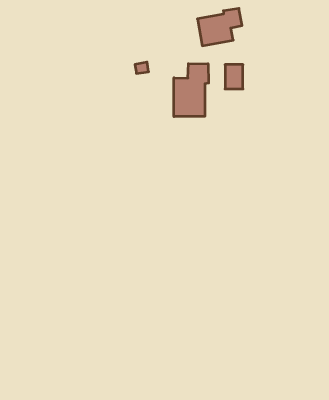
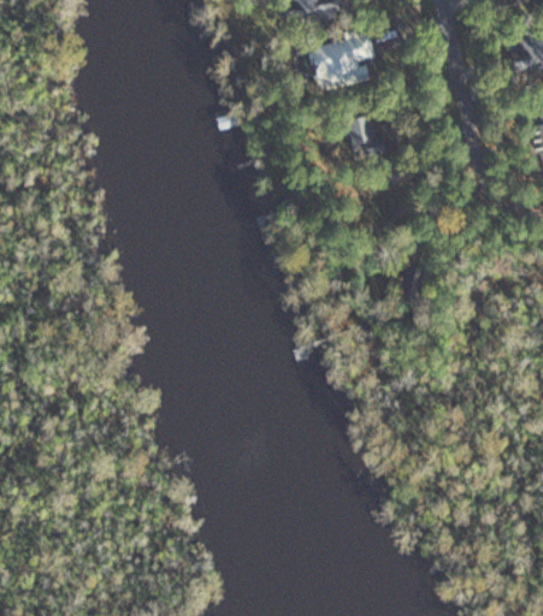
building: [174,64,209,117] -> none

